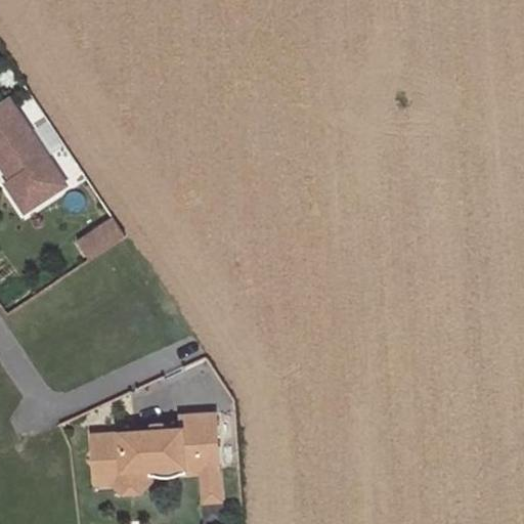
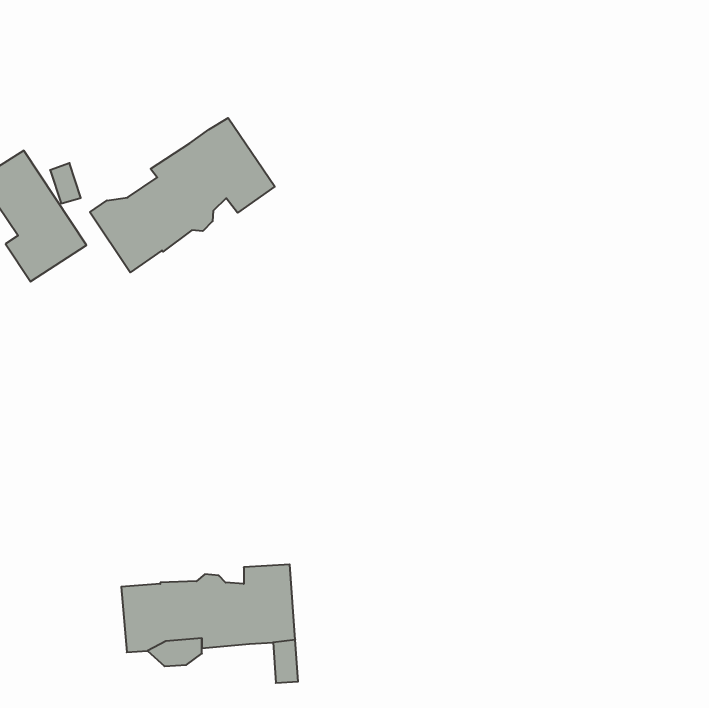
building: none -> [90,118,275,272]
building: [78,217,124,258] -> none

